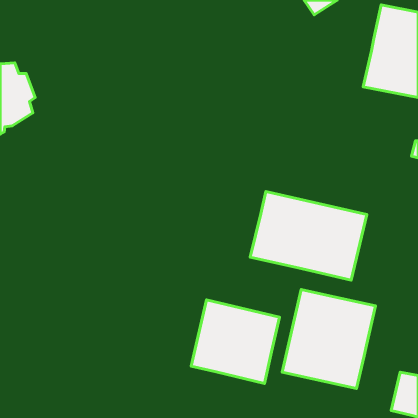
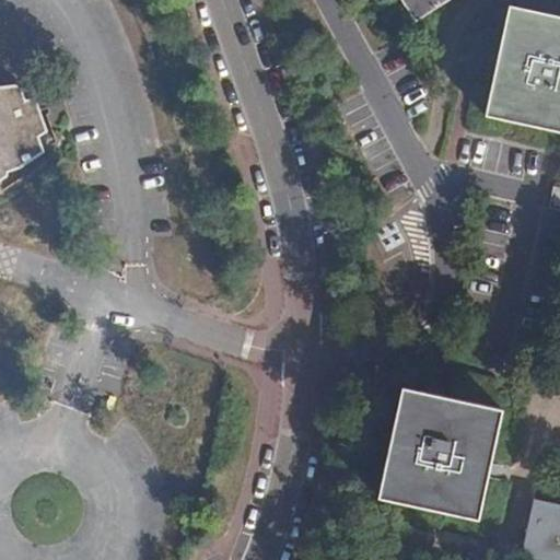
building: [250,192,367,280] -> none
building: [191,300,280,383] -> none

